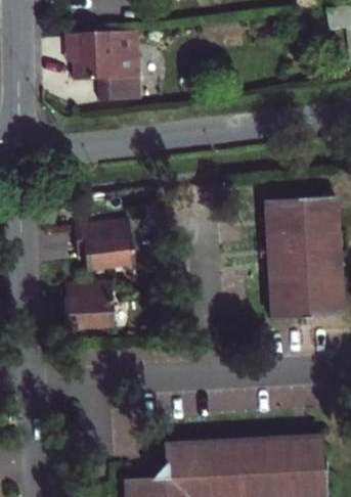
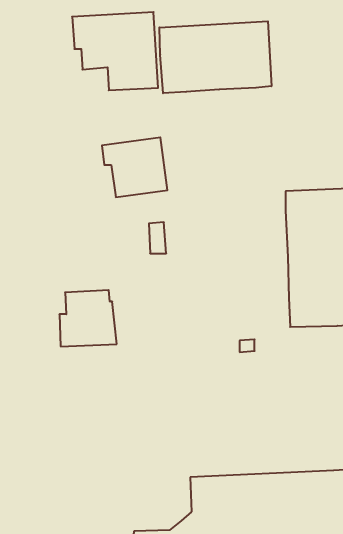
building: none -> [159,21,271,93]
building: [78,217,136,270] -> [102,137,167,197]

